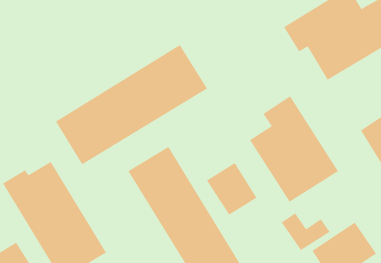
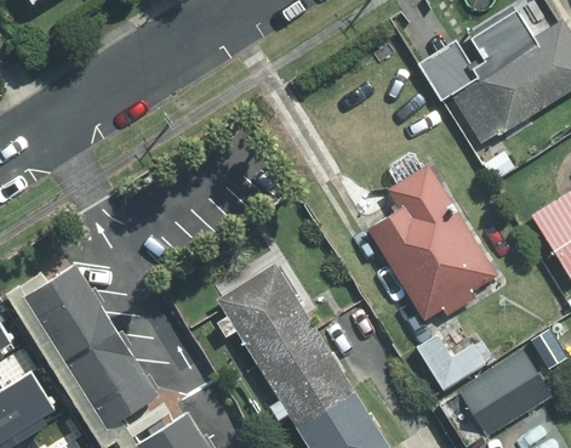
building: [55,44,208,165] -> none
building: [206,162,257,216] -> none

